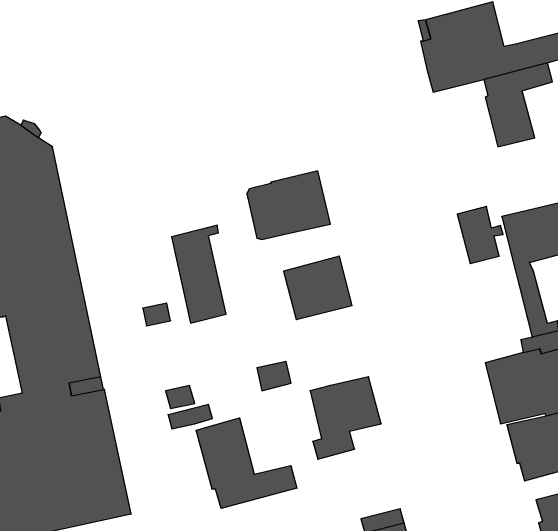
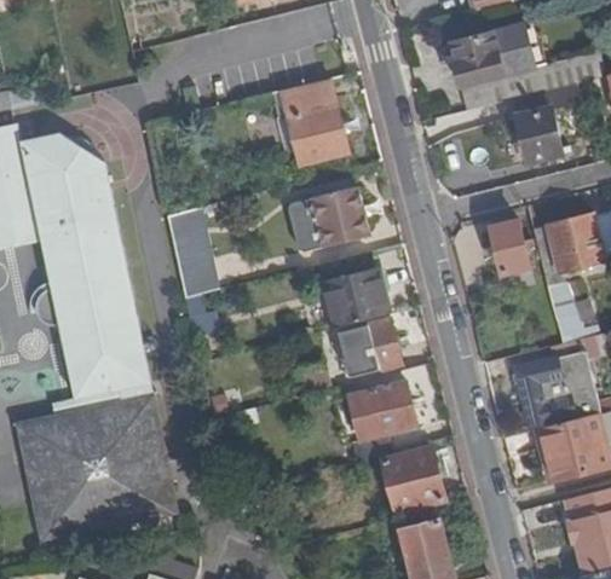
building: none -> [271,77,346,164]
building: [172,225,226,323] -> [166,204,218,297]
building: none -> [338,318,400,376]
building: [196,418,297,508] -> none
building: none -> [381,446,443,511]

